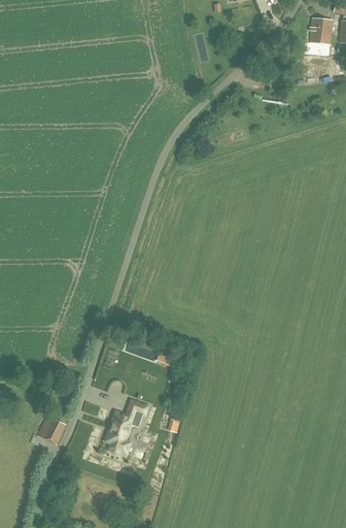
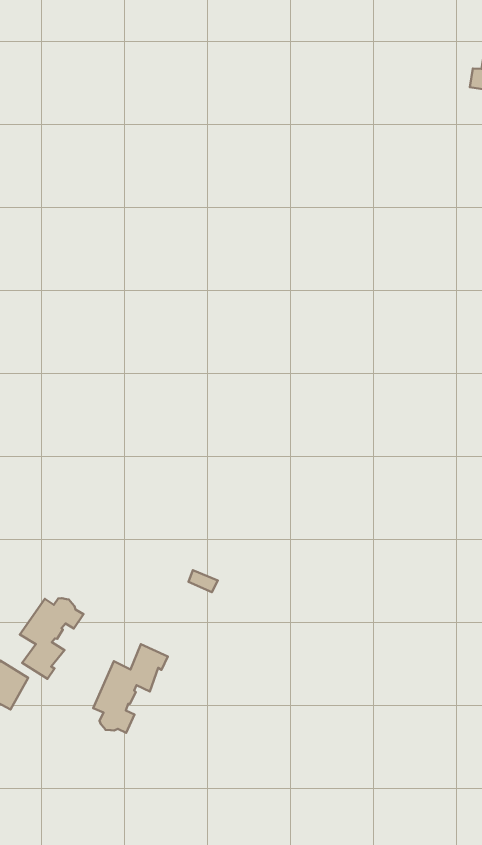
building: none -> [20,598,83,679]

